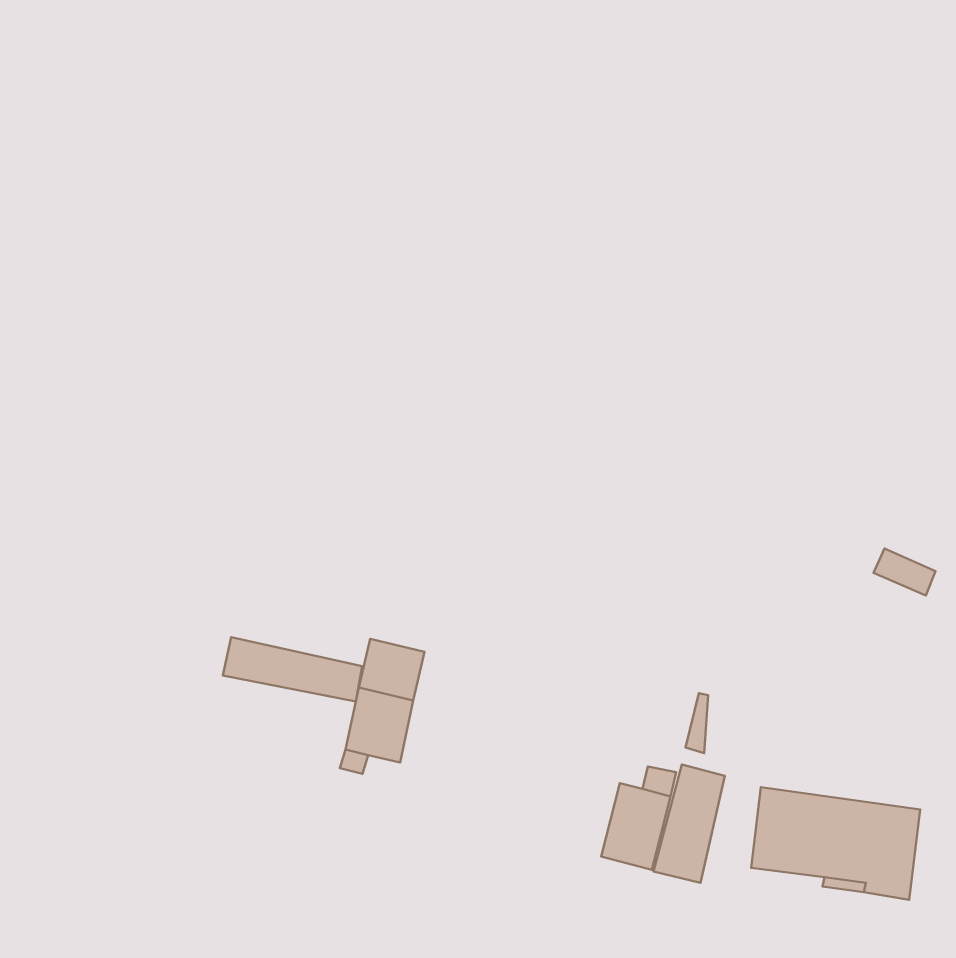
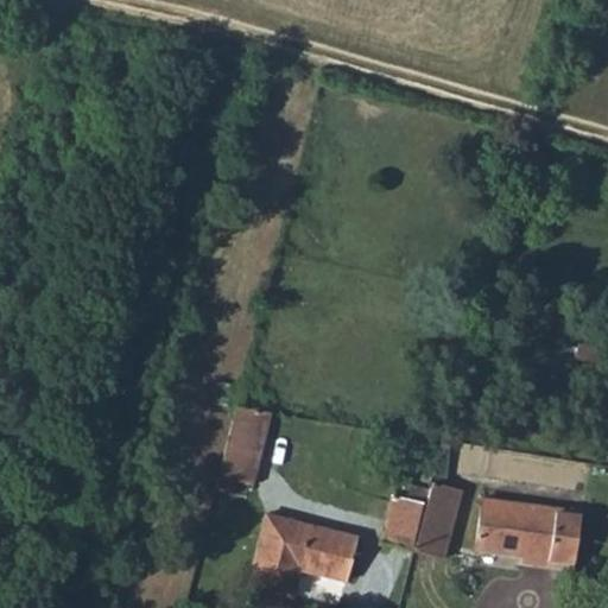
building: [223,637,362,702] -> none
building: none -> [252,514,356,595]

